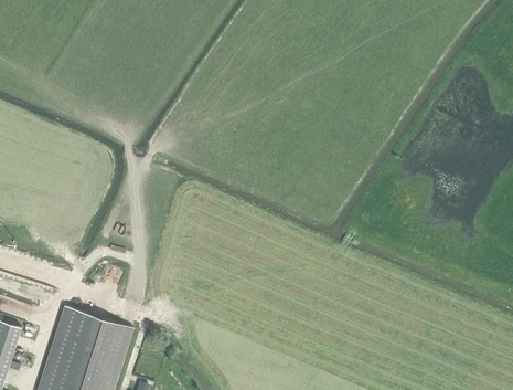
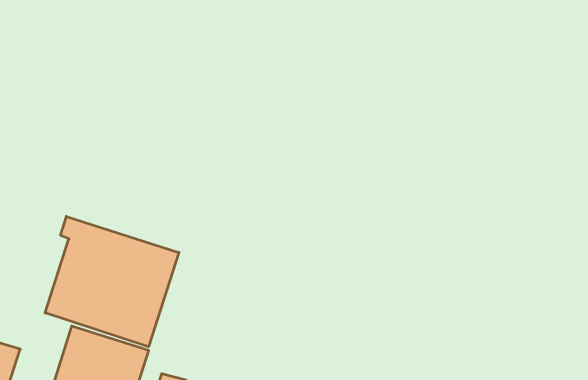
building: none -> [45,216,179,347]

